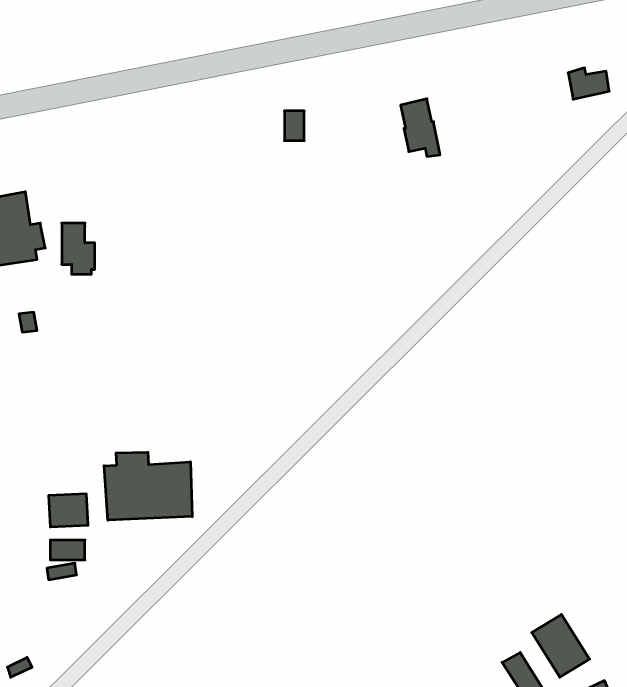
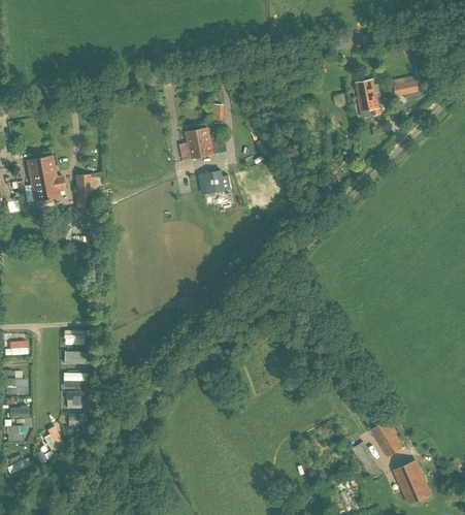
building: [401,99,440,156] -> [355,78,379,115]
building: none -> [186,127,212,158]
building: none -> [201,169,225,194]
building: [104,452,192,520] -> none

